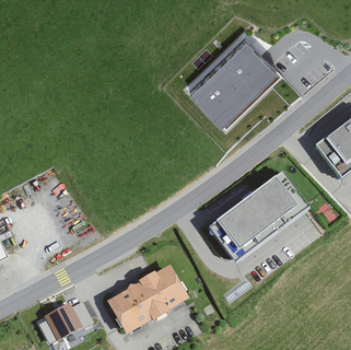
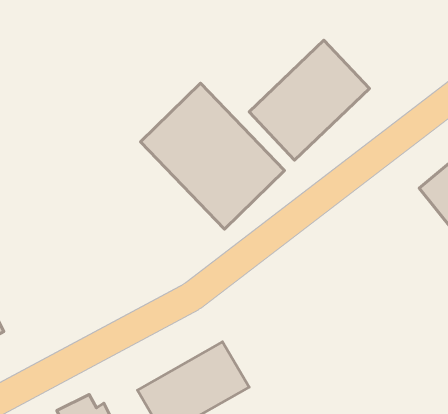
building: none -> [140,83,284,229]
building: [209,174,306,261] -> none

